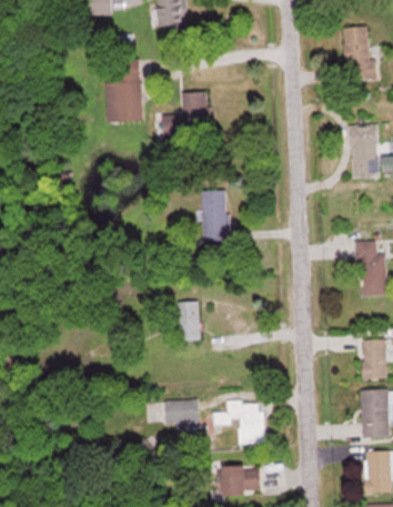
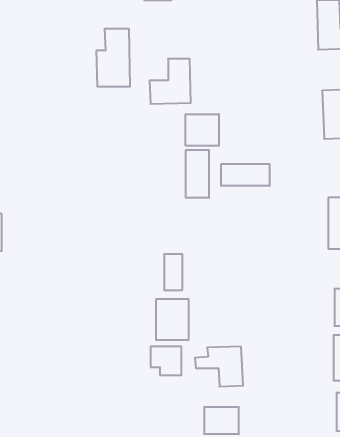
building: none -> [186,114,219,146]
building: none -> [221,164,270,186]
building: none -> [156,299,188,340]

